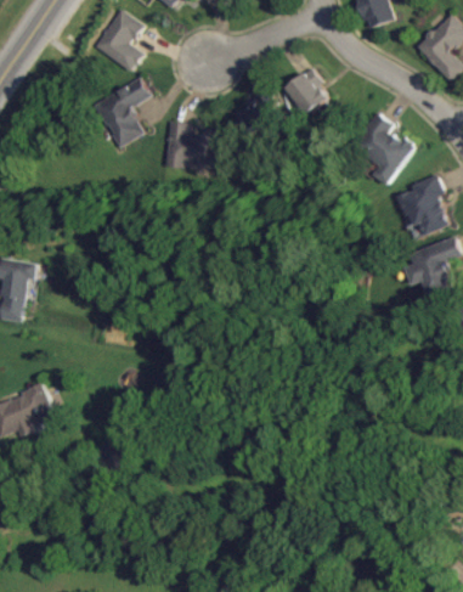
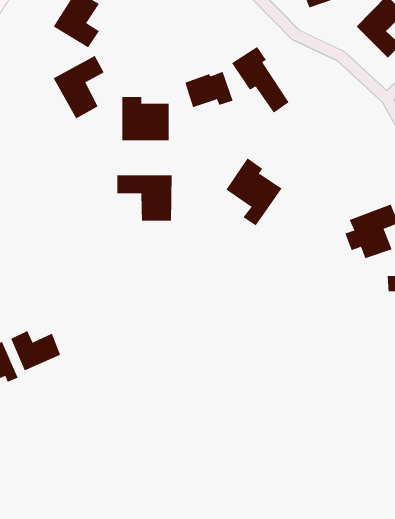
building: [352,113,413,186] -> [225,158,283,226]
building: [396,176,448,236] -> none
building: none -> [117,174,172,222]
building: none -> [10,330,61,371]

